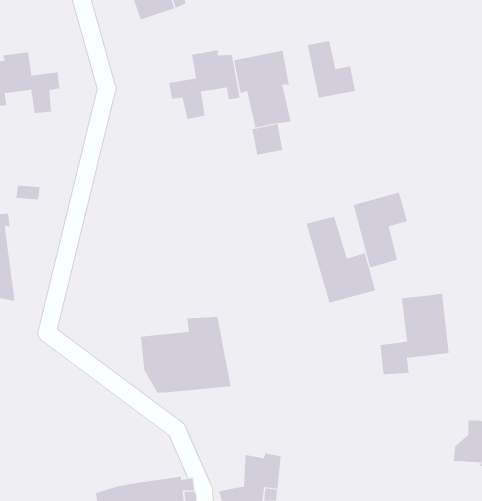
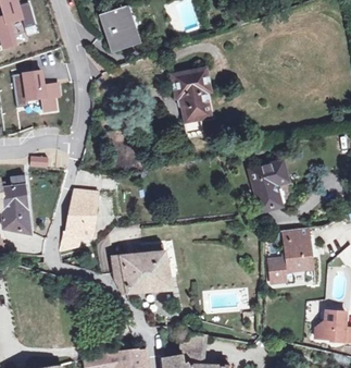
building: [307,40,356,99] -> none
building: [169,49,240,120] -> none
building: [306,216,376,303] -> none
building: none -> [59,189,97,250]

